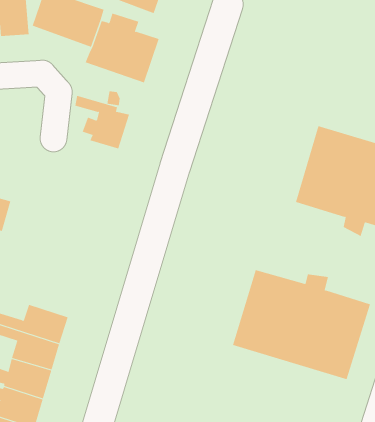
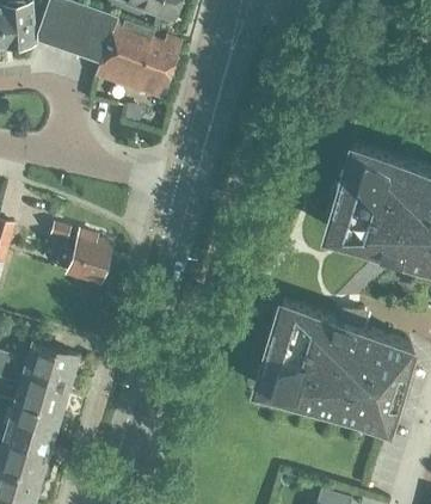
building: [74,95,130,149] -> [50,225,111,284]

